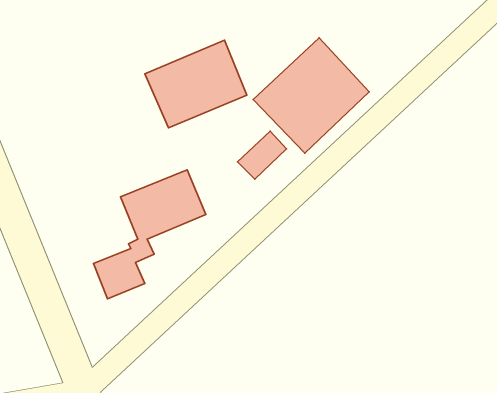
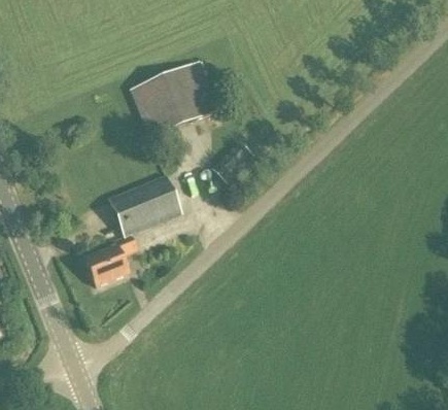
building: [253,38,369,153] -> none

